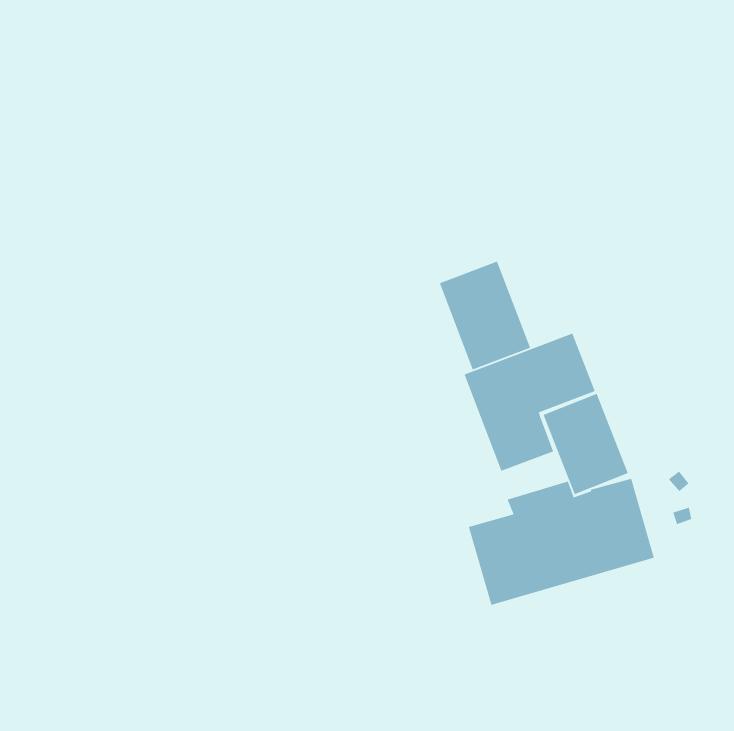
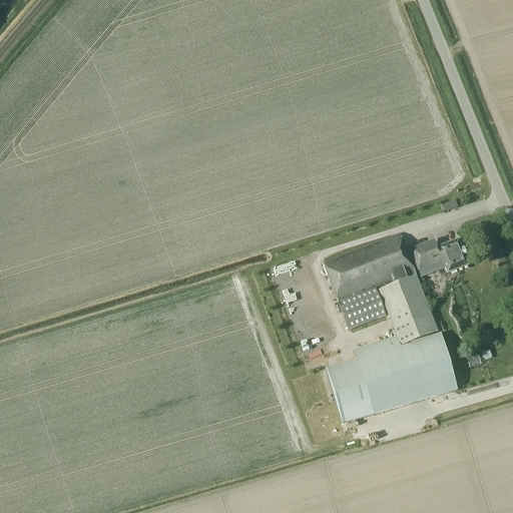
building: [439,261,531,371] -> none
building: none -> [411,238,469,276]

